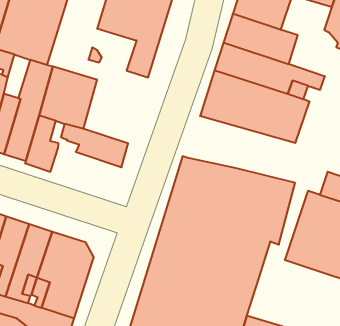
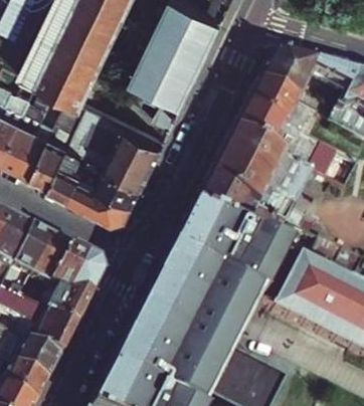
building: none -> [108,123,165,183]
building: none -> [195,169,293,220]
building: none -> [72,177,136,220]

